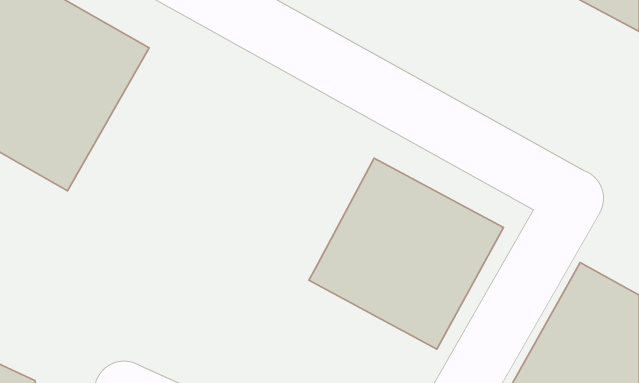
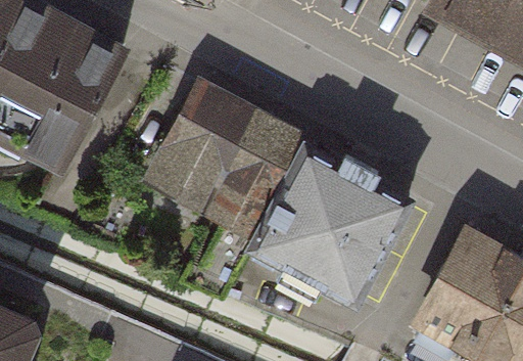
building: none -> [153,86,304,231]

